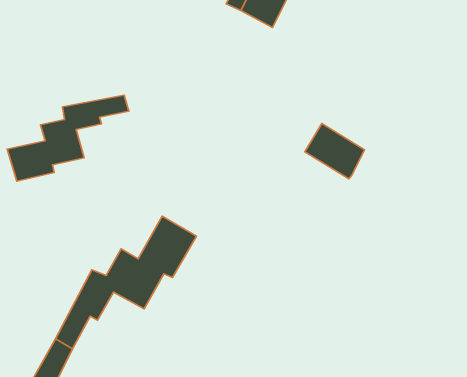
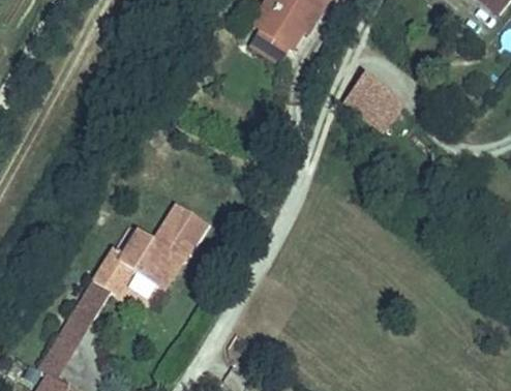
building: [7,95,129,181] -> none
building: [305,124,365,179] -> [348,74,401,126]

